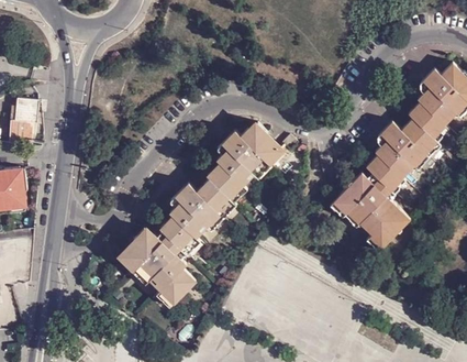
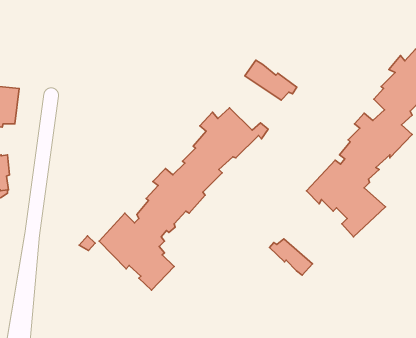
building: none -> [245,60,297,100]
building: none -> [269,239,313,275]

